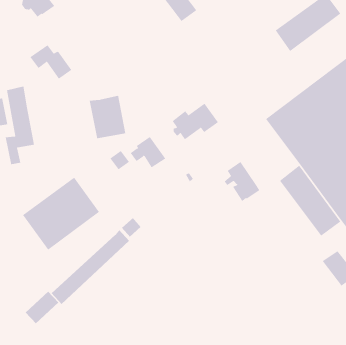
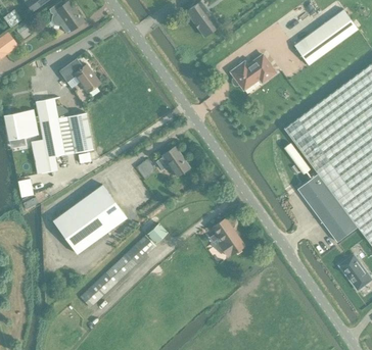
building: [89,95,126,139] -> [57,112,93,154]
building: [172,103,219,140] -> [231,54,276,90]
building: [224,161,260,202] -> [210,218,244,257]
building: [25,291,59,324] -> none

